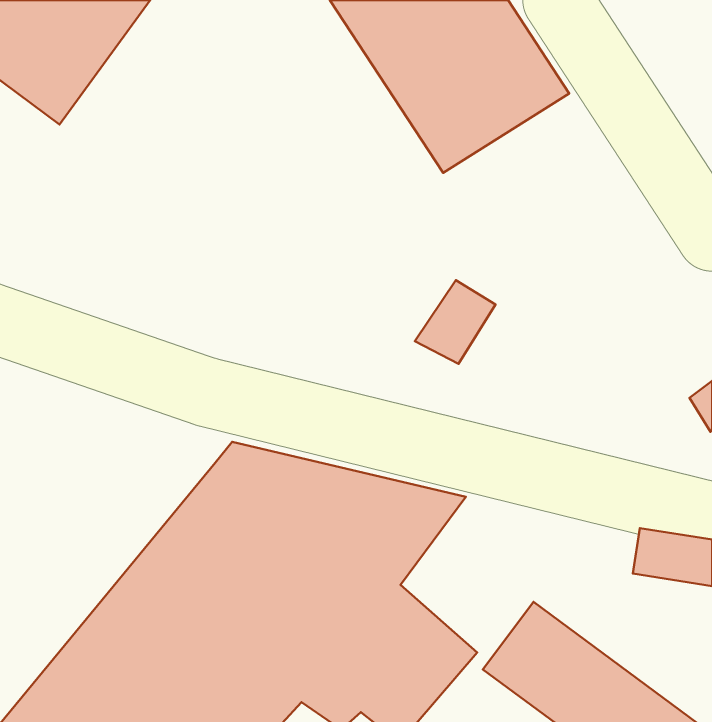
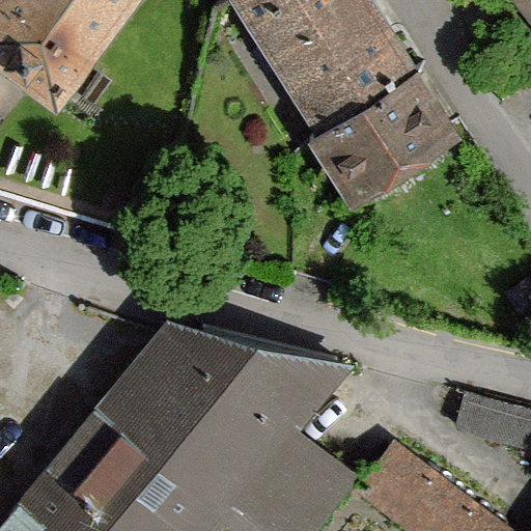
building: none -> [317,69,456,196]

